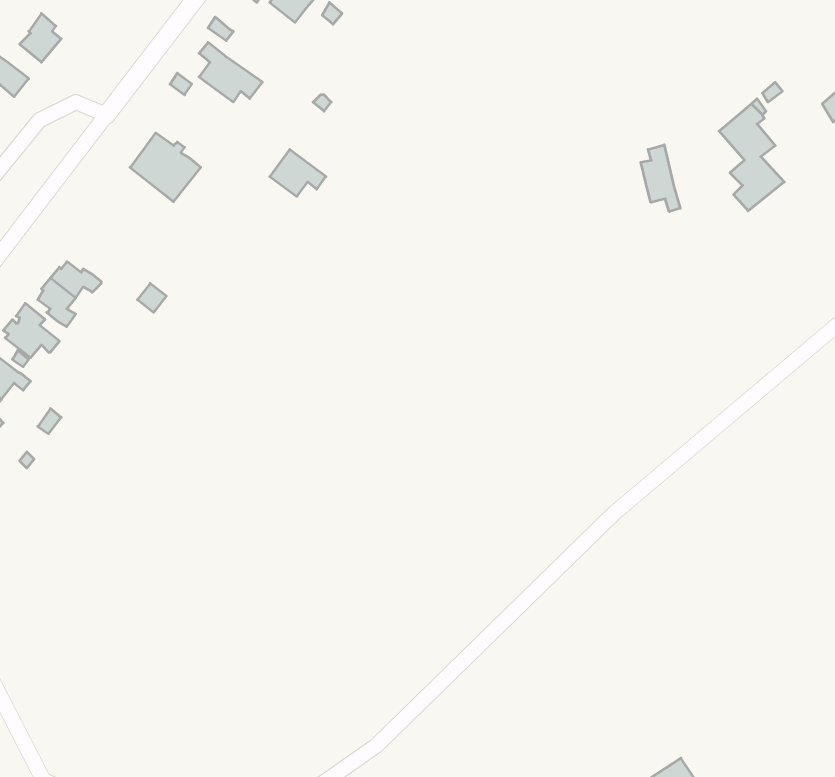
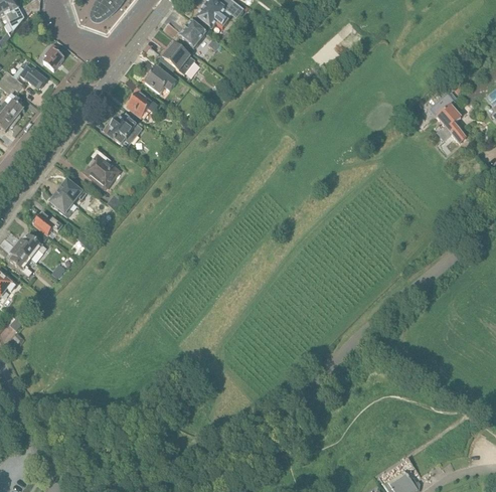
building: none -> [164,43,195,74]
building: [641,145,680,212] -> none
building: [270,149,326,196] -> [127,91,158,117]
building: none -> [86,150,119,188]

